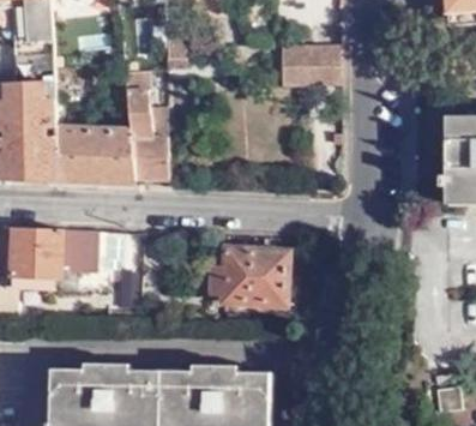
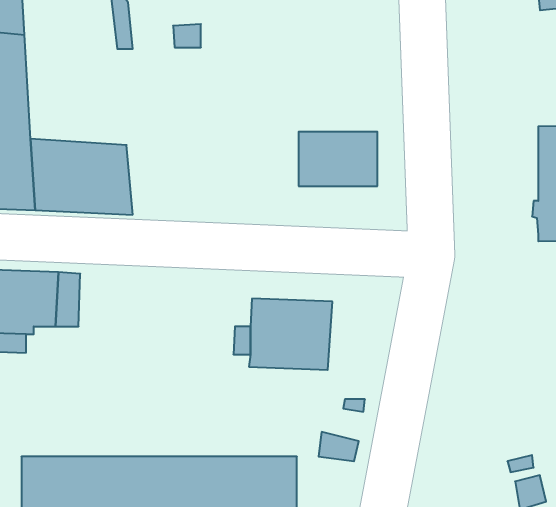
building: [279,42,341,84] -> [299,132,377,186]
building: [123,71,170,186] -> none

